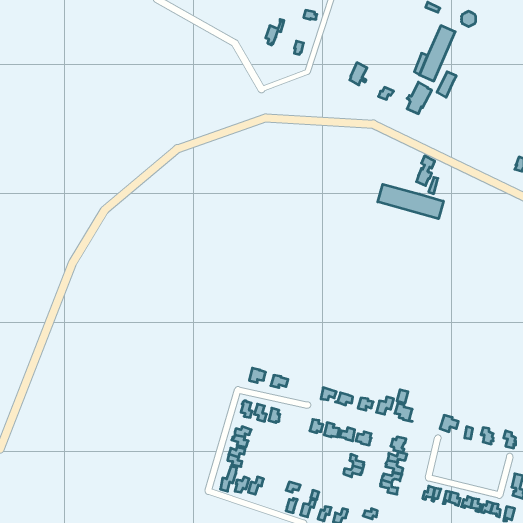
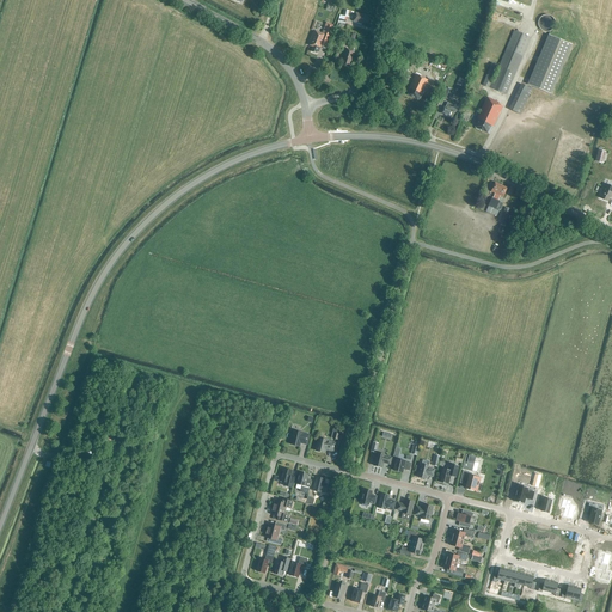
building: none -> [528,33,573,93]
building: [378,184,443,219] -> none

